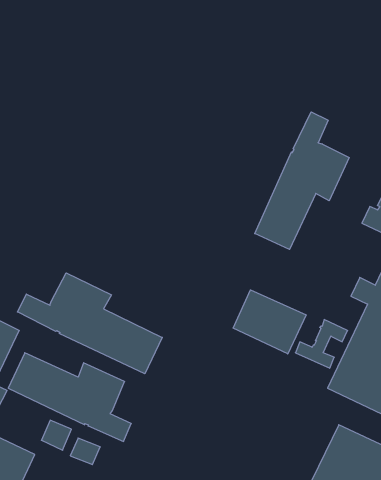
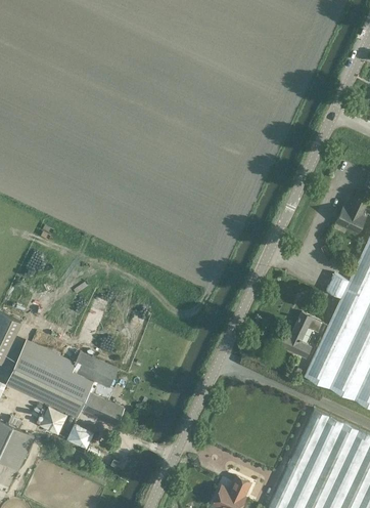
building: [255,112,349,249] -> none
building: [17,273,162,374] -> none
building: [233,290,306,354] -> none

